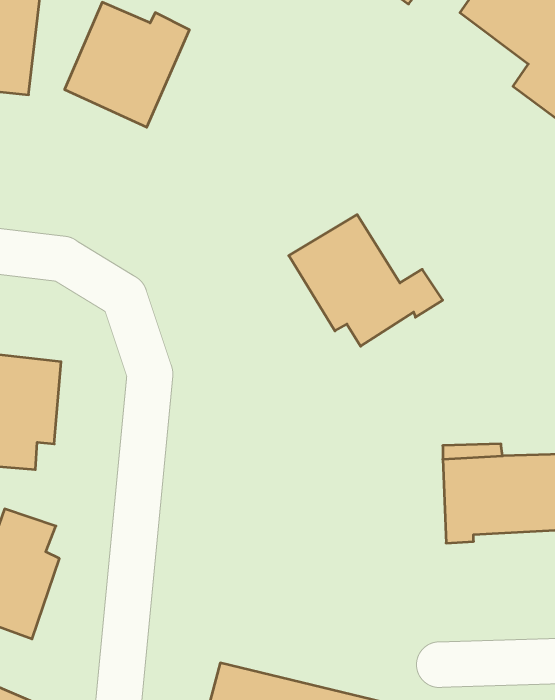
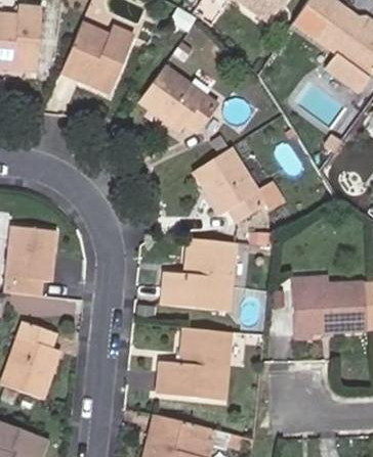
building: none -> [138,68,216,136]
building: none -> [170,231,240,304]
building: none -> [155,327,232,404]

